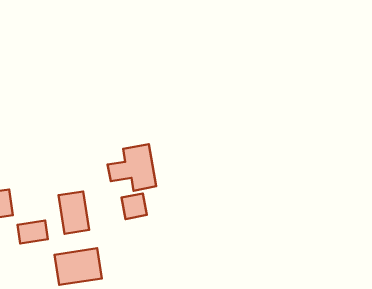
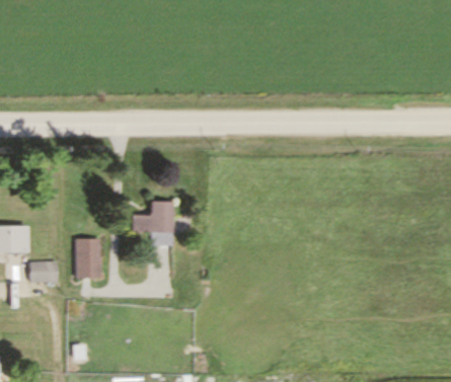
building: [121,193,147,219] -> none
building: [54,248,102,285] -> none

